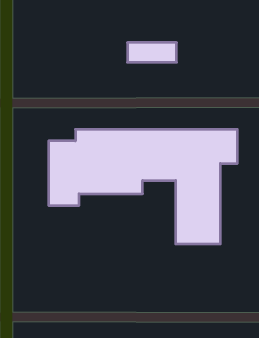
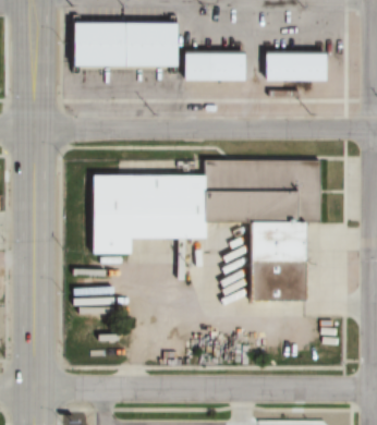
building: none -> [70,22,173,68]
building: none -> [267,53,329,78]

